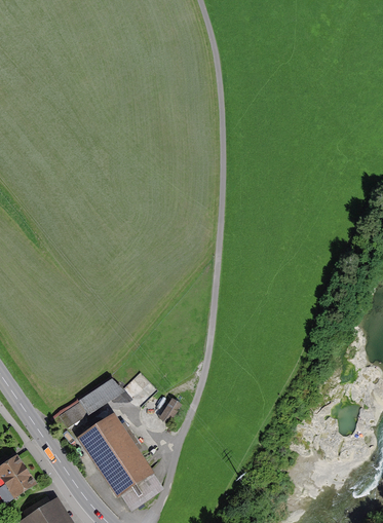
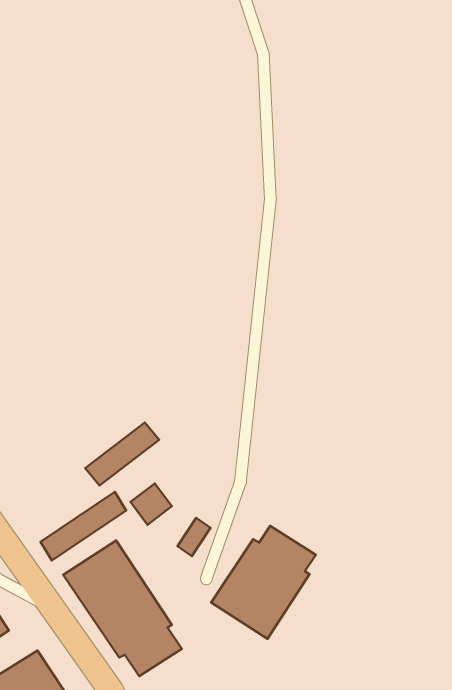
building: none -> [85,422,159,485]
building: none -> [211,526,316,639]

